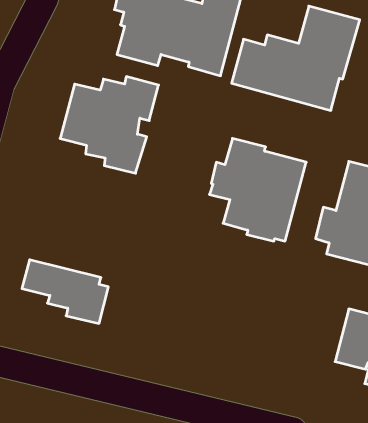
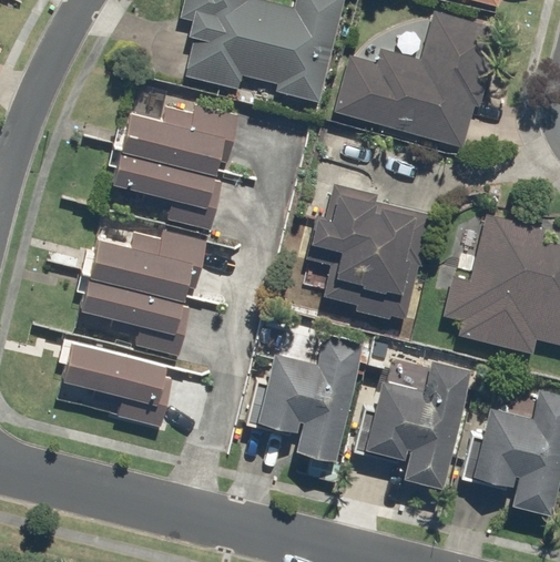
building: none -> [77,229,207,356]
building: none -> [254,334,364,460]
building: none -> [362,360,471,488]

